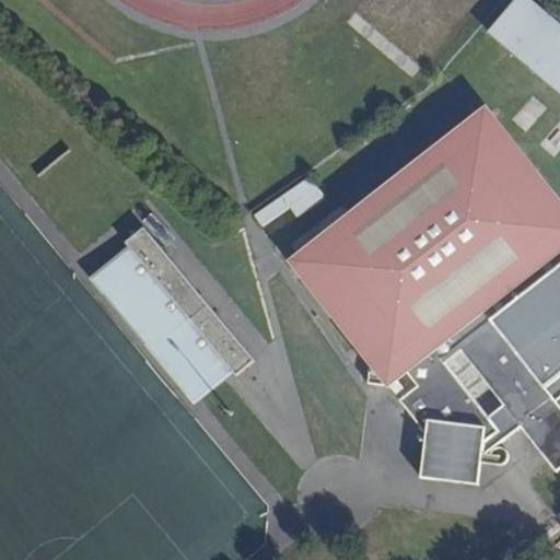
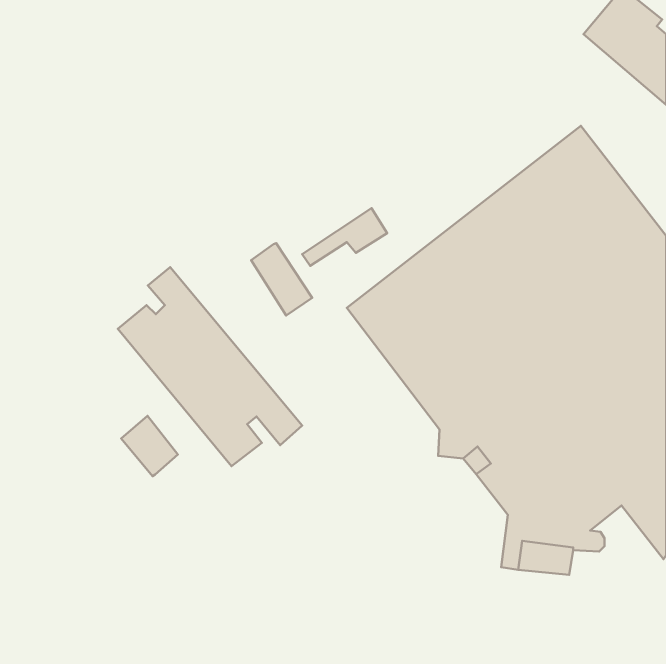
building: none -> [251,243,312,315]
building: none -> [121,416,178,476]

